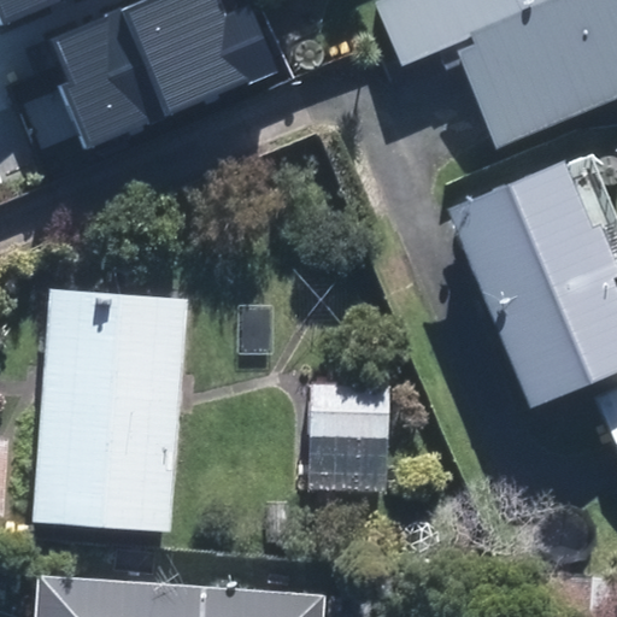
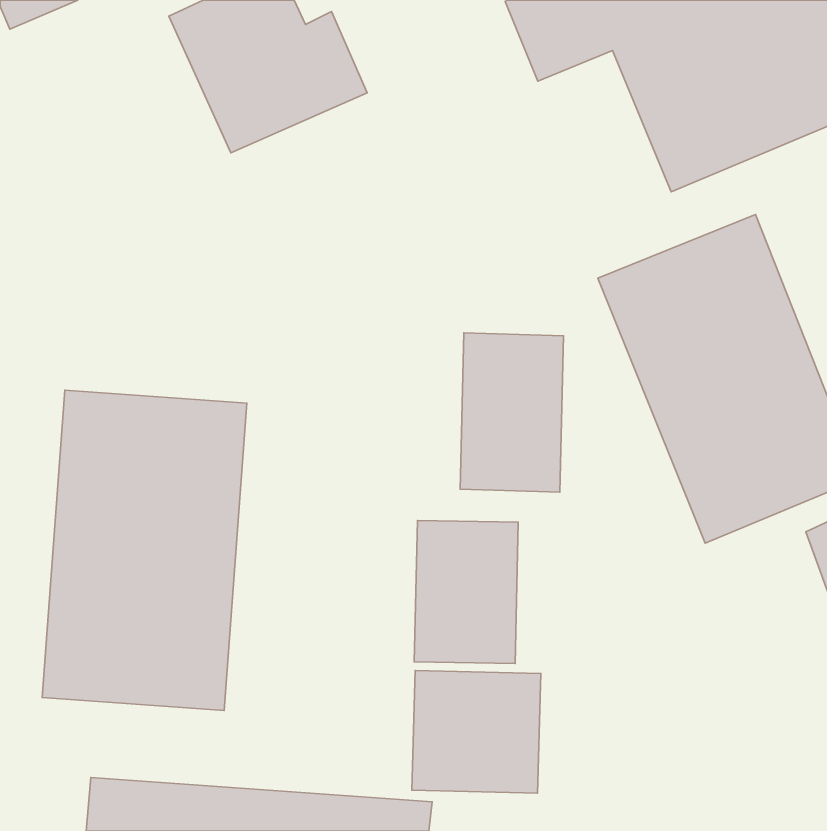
building: [58,12,174,149] -> none
building: none -> [460,333,563,492]
building: none -> [412,670,541,793]

